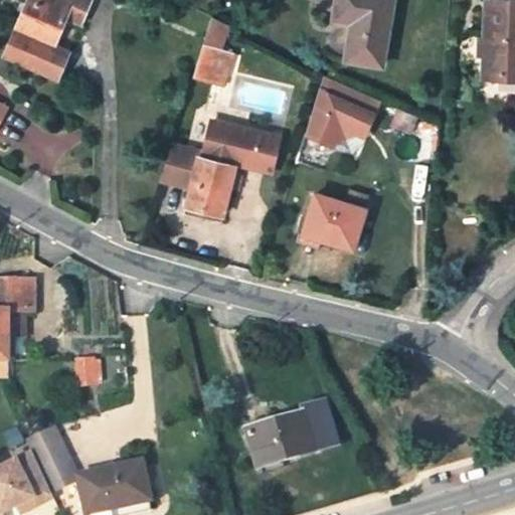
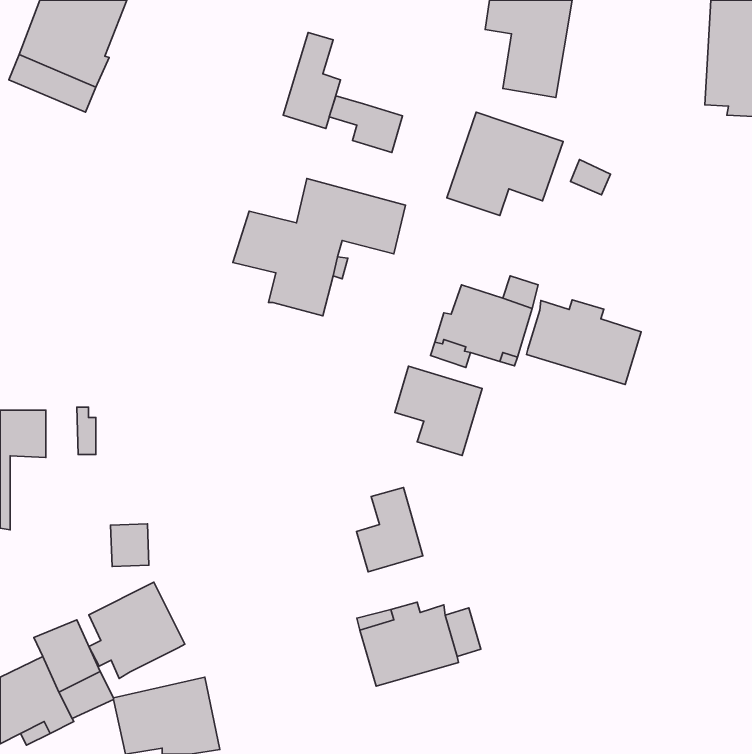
building: none -> [329,96,403,152]
building: none -> [527,300,641,384]
building: none -> [395,366,482,456]
building: none -> [357,487,423,572]
building: none -> [89,582,185,678]

